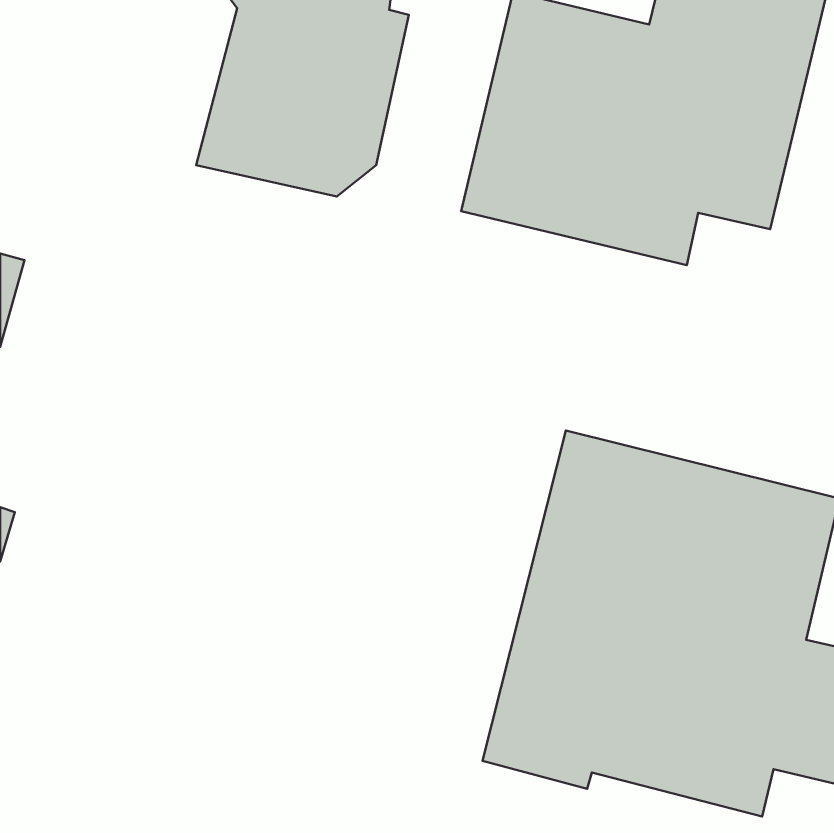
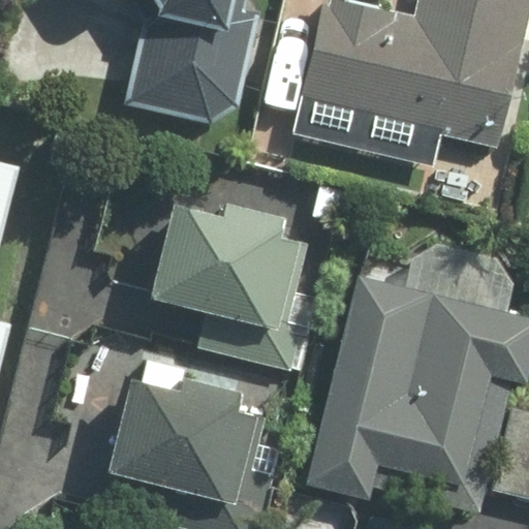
building: none -> [145,203,326,372]
building: none -> [107,349,281,508]

